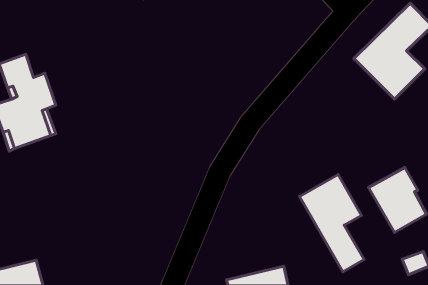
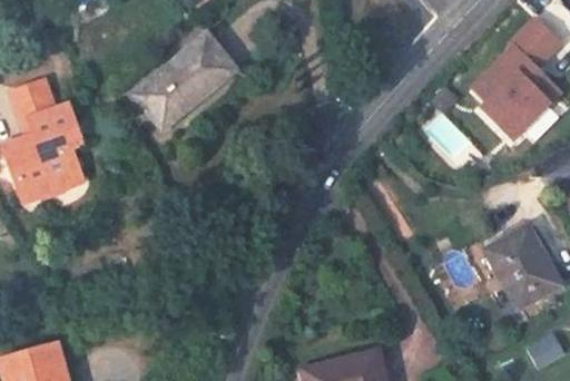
building: none -> [136,36,234,128]
building: [299,174,364,272] -> none

